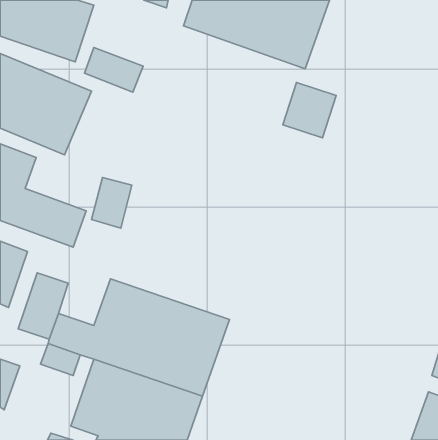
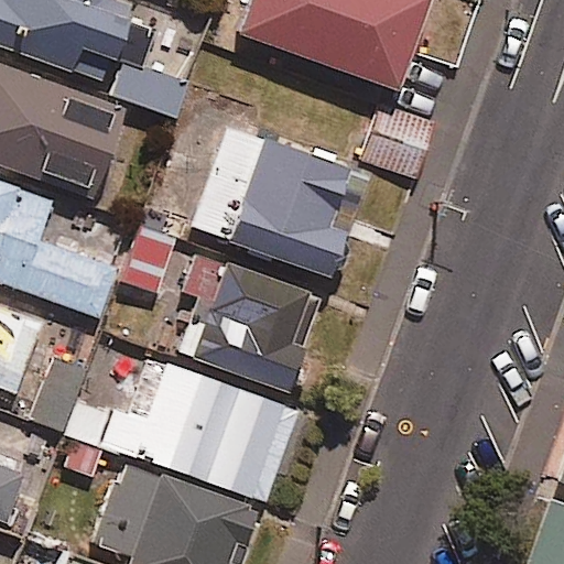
building: none -> [191,127,365,278]
building: none -> [176,252,318,390]

